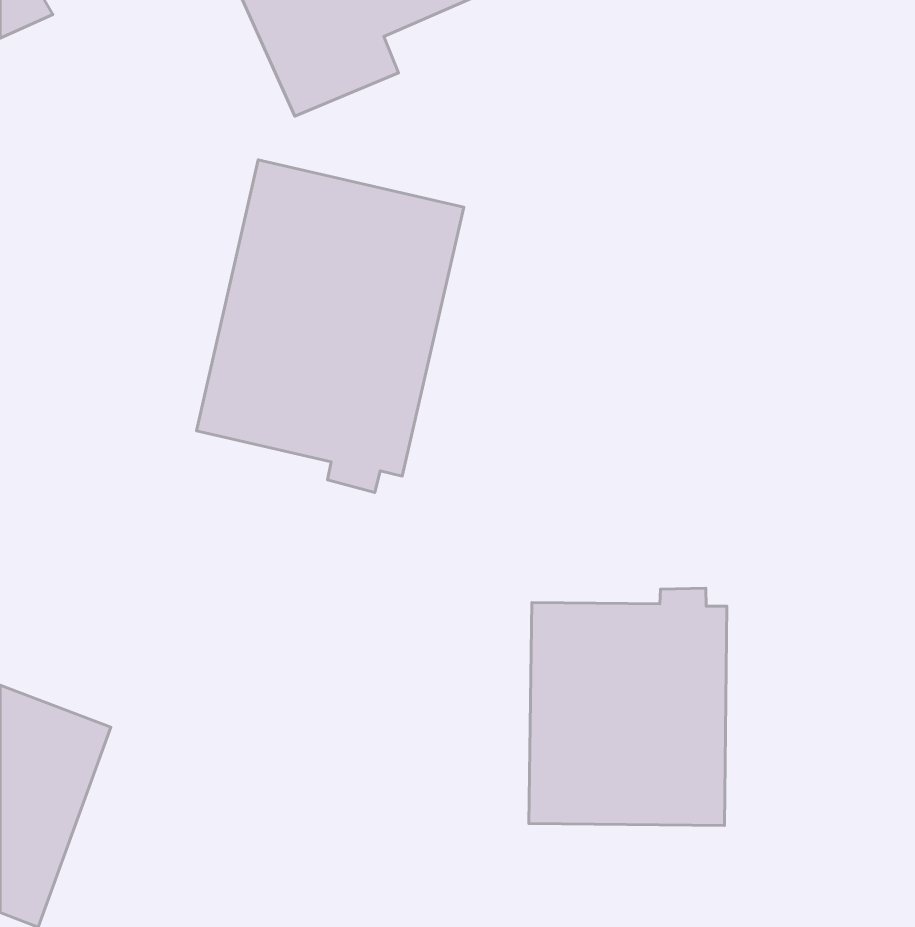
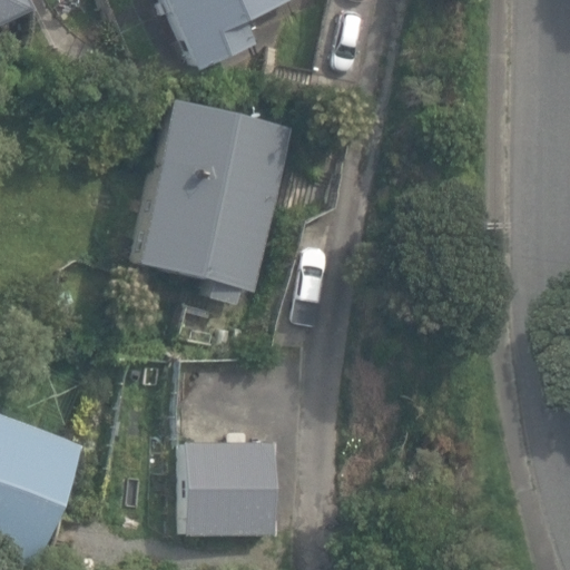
building: [529,588,727,826] -> none
building: none -> [187,439,276,534]

